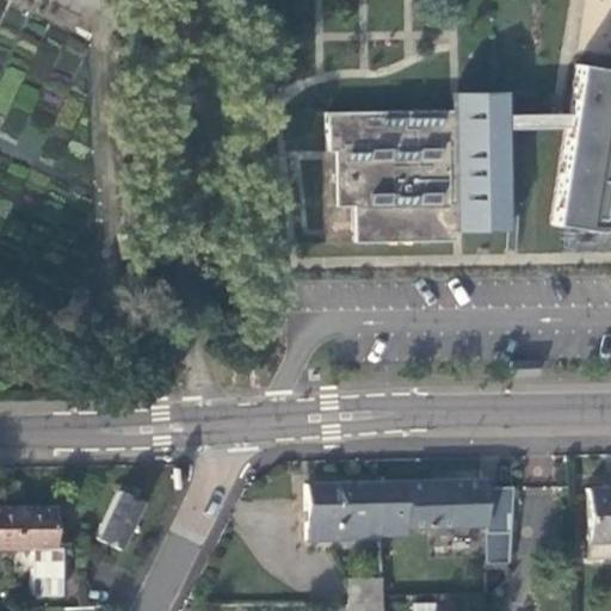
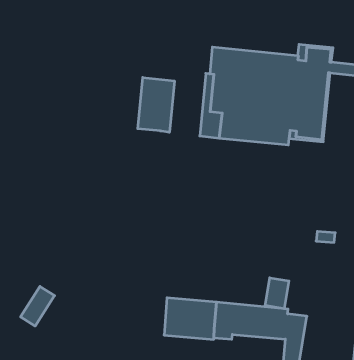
building: none -> [138,77,174,132]
building: none -> [265,278,289,309]

